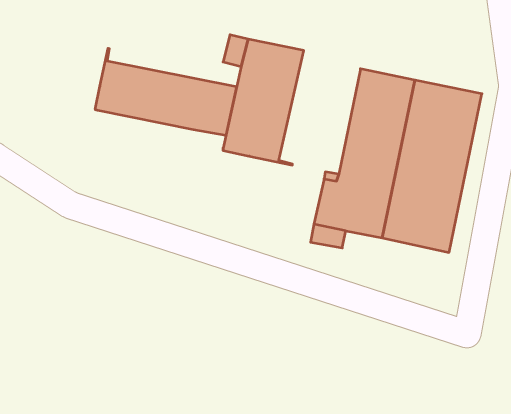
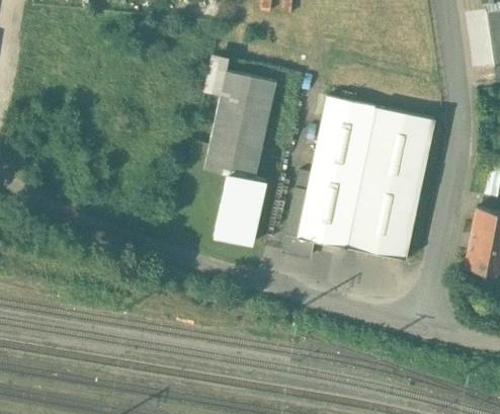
building: [95,48,237,136] -> none
building: none -> [214,175,266,245]

